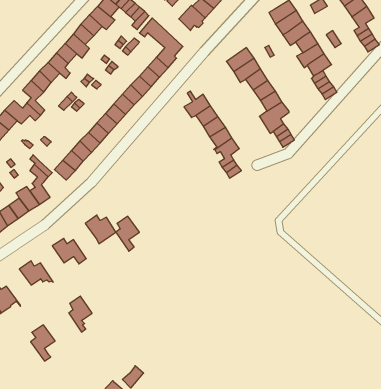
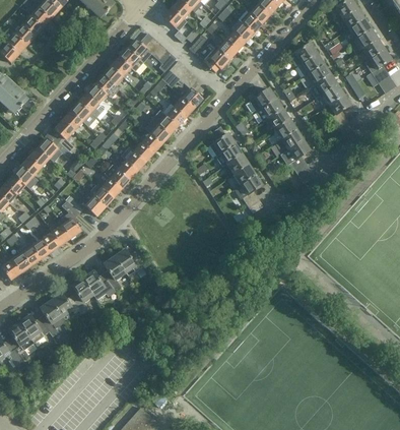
building: [116,216,139,251] -> [104,257,126,291]
building: [69,296,92,332] -> [72,279,94,313]
building: [31,325,55,361] -> [40,301,63,335]

